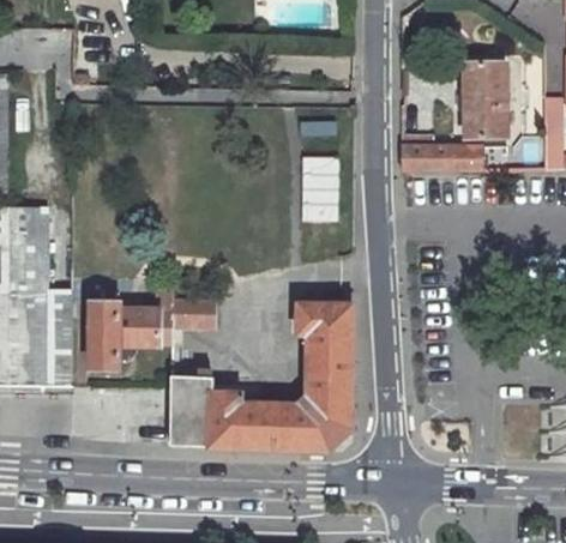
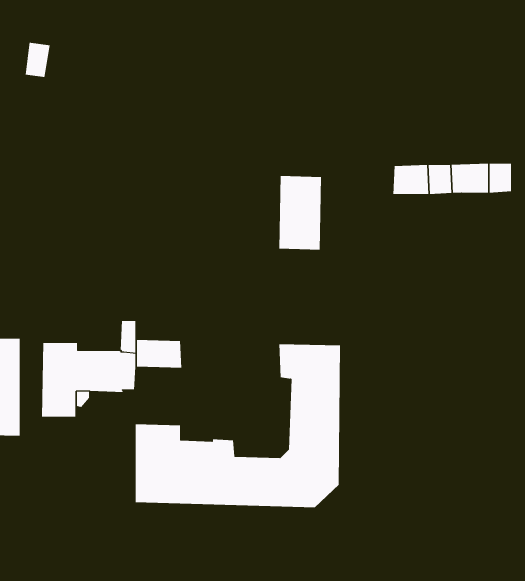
building: [462,64,506,140] -> none

